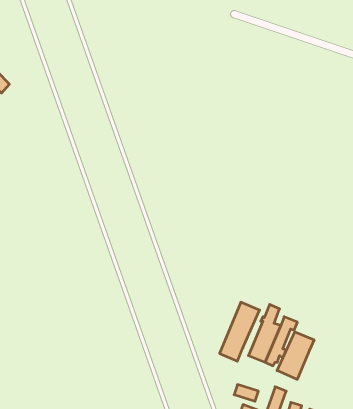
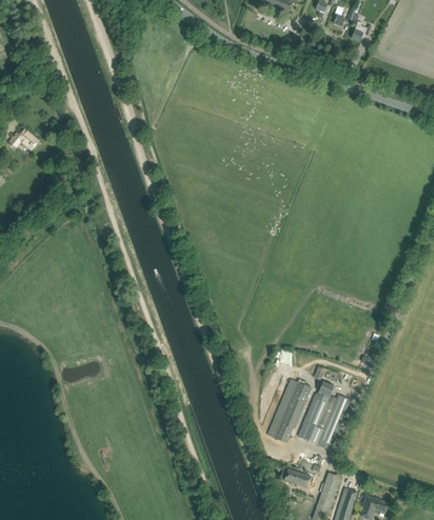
building: [277,332,314,379] -> none

